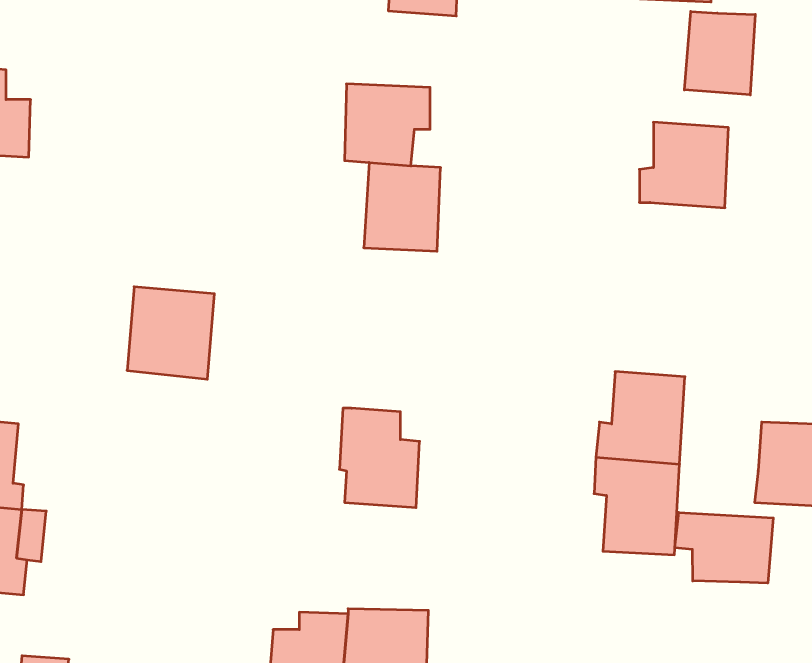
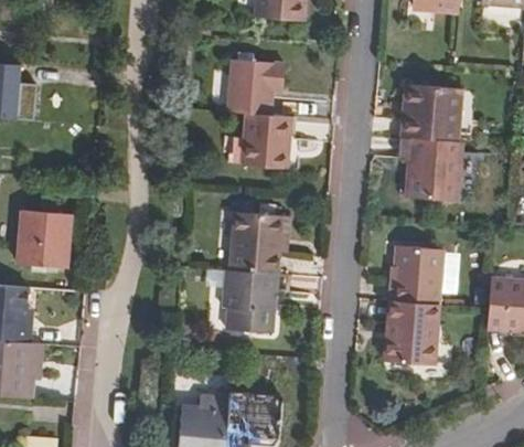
building: [684,11,755,95] -> none
building: none -> [418,139,471,202]
building: [127,287,214,379] -> [14,203,69,262]
building: none -> [232,213,287,273]
building: [675,512,773,583] -> none

